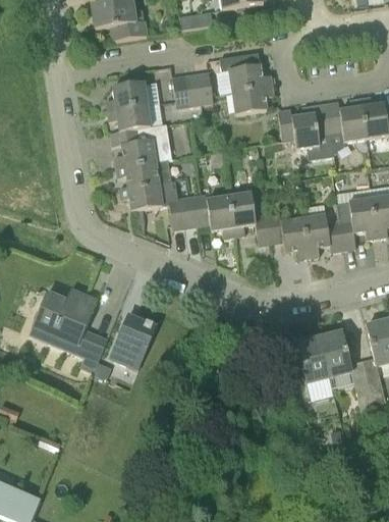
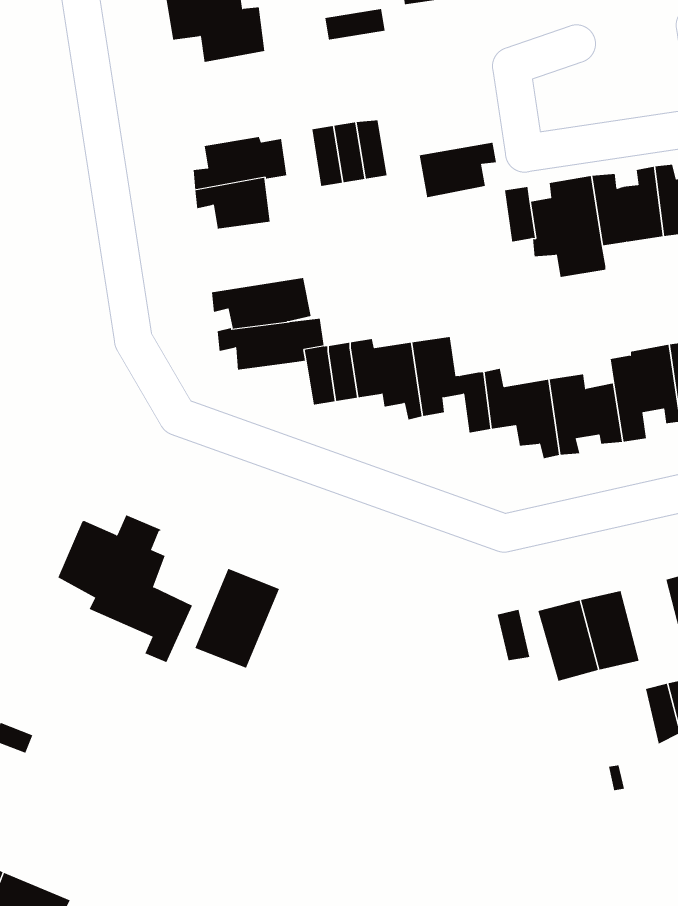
building: [220,52,272,92] -> none
building: [111,125,172,167] -> none

